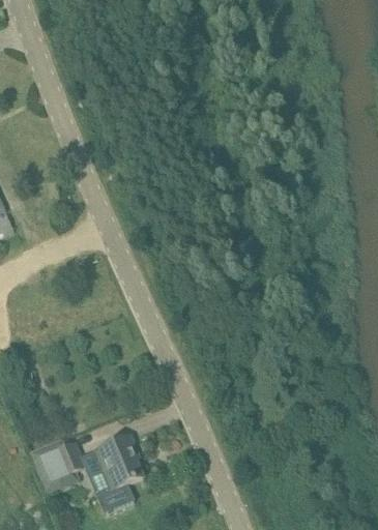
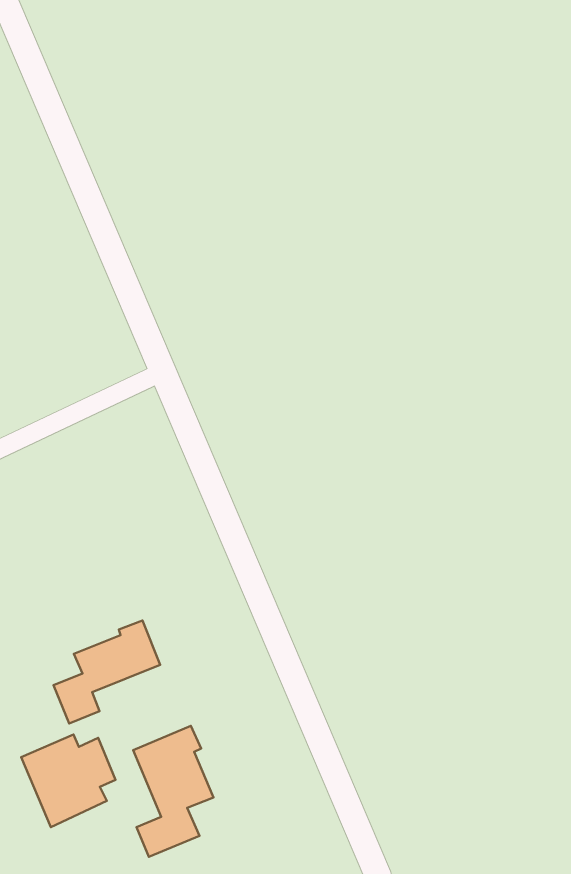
building: none -> [53,620,160,724]

